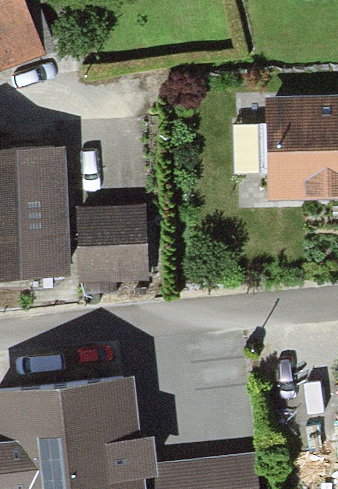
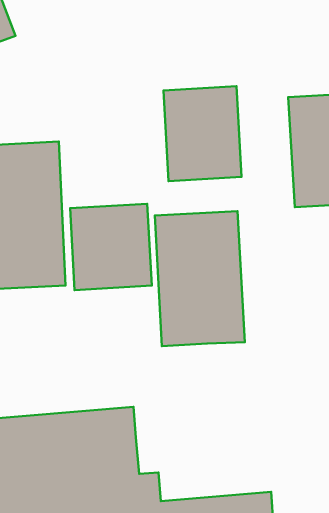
building: none -> [164,86,241,181]
building: none -> [155,211,245,346]

